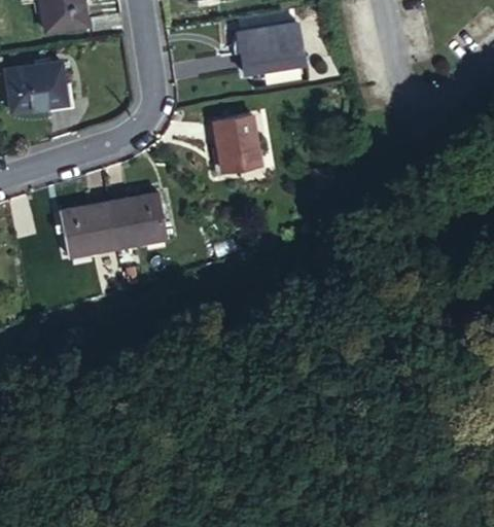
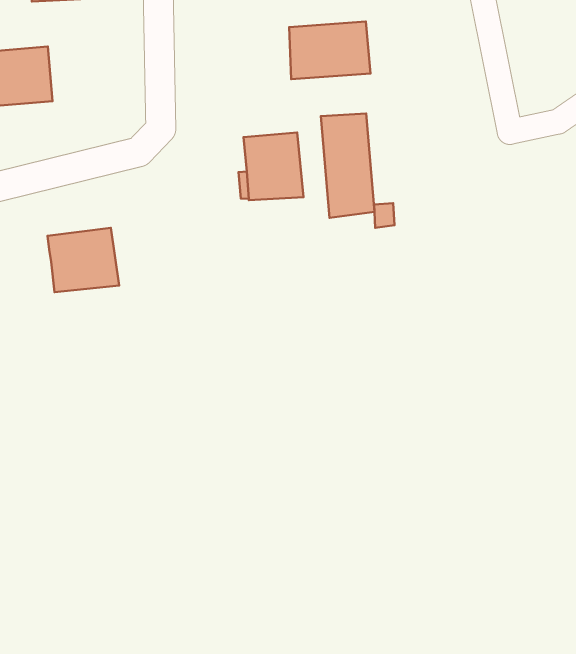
building: none -> [321,113,374,218]
building: [116,188,175,242] -> none

